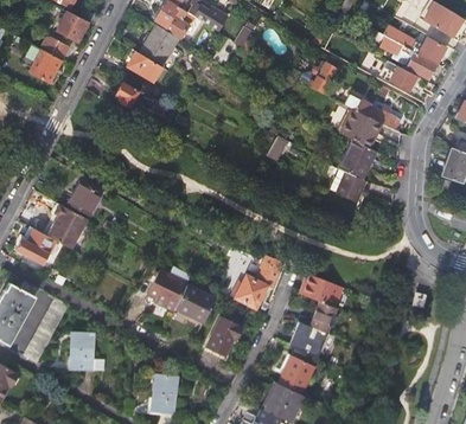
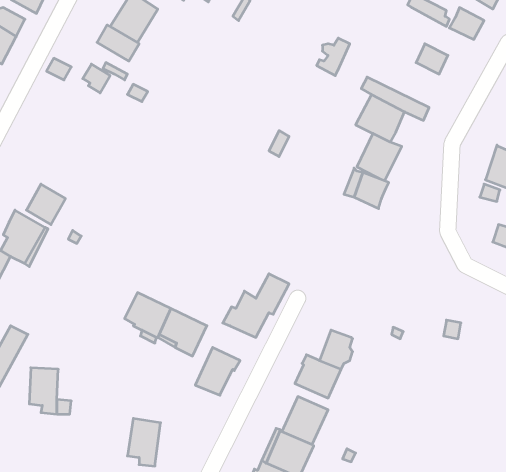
building: [381,37,436,78] -> none
building: [302,274,344,307] -> none

